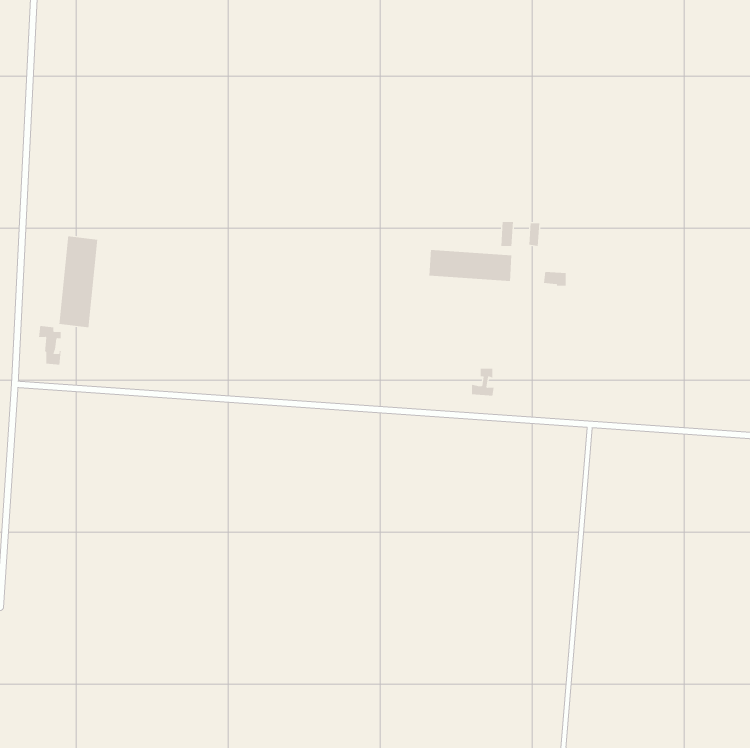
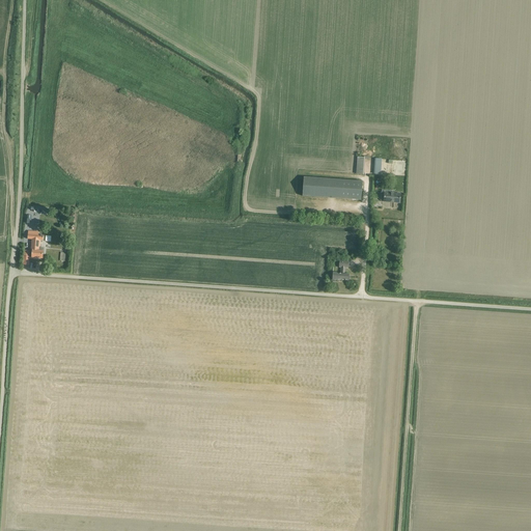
building: [59,236,98,328] -> none

